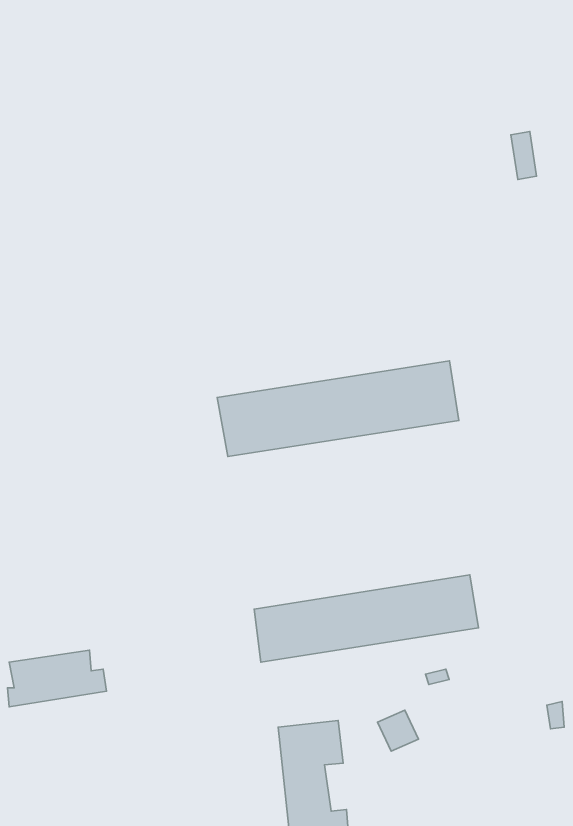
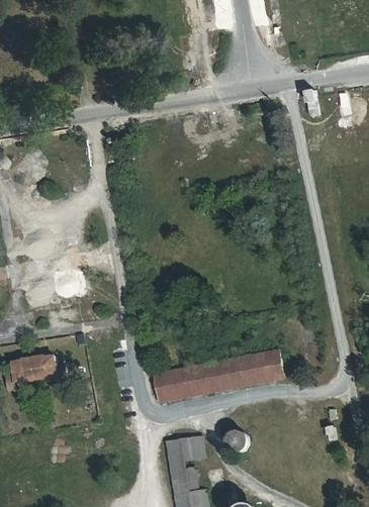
building: [217,361,459,457] -> none
building: [7,650,107,707] -> [6,352,65,386]

